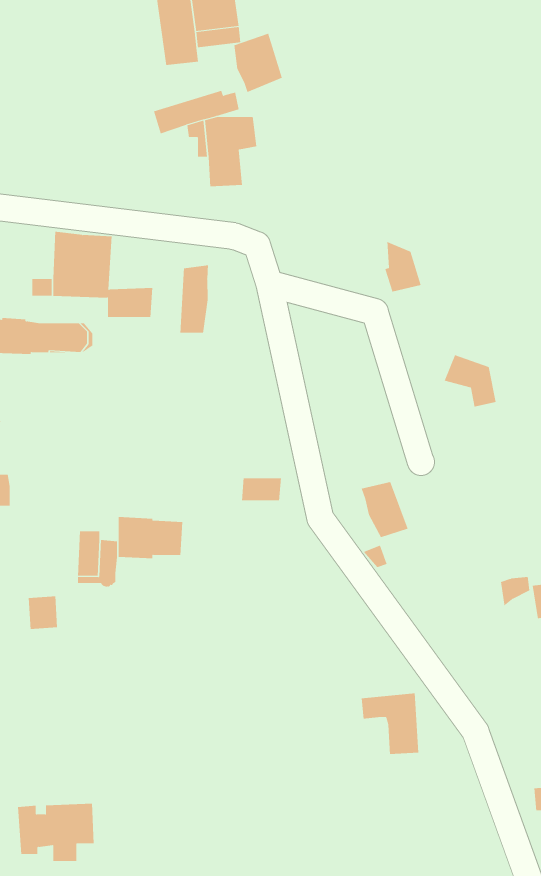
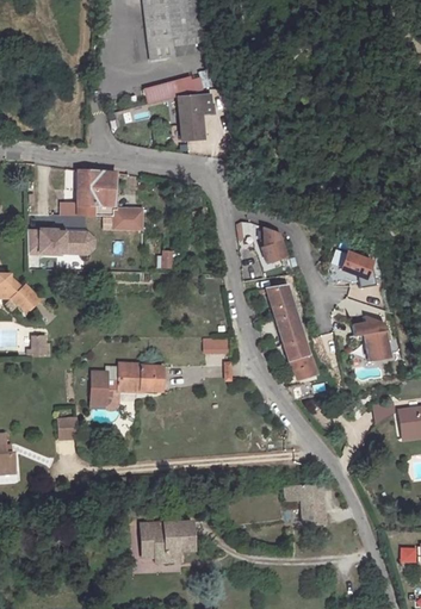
building: [234,33,282,93] -> none
building: [385,241,422,292] -> [262,226,287,261]
building: [180,264,208,334] -> none
building: none -> [267,285,304,344]
building: none -> [352,317,389,360]
building: [17,803,95,861] -> [141,522,193,561]

